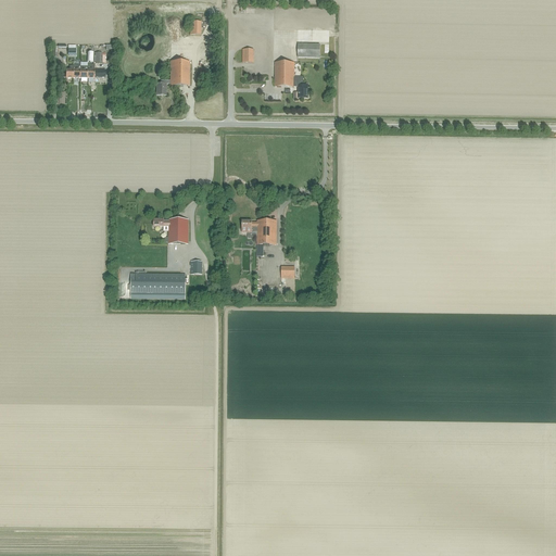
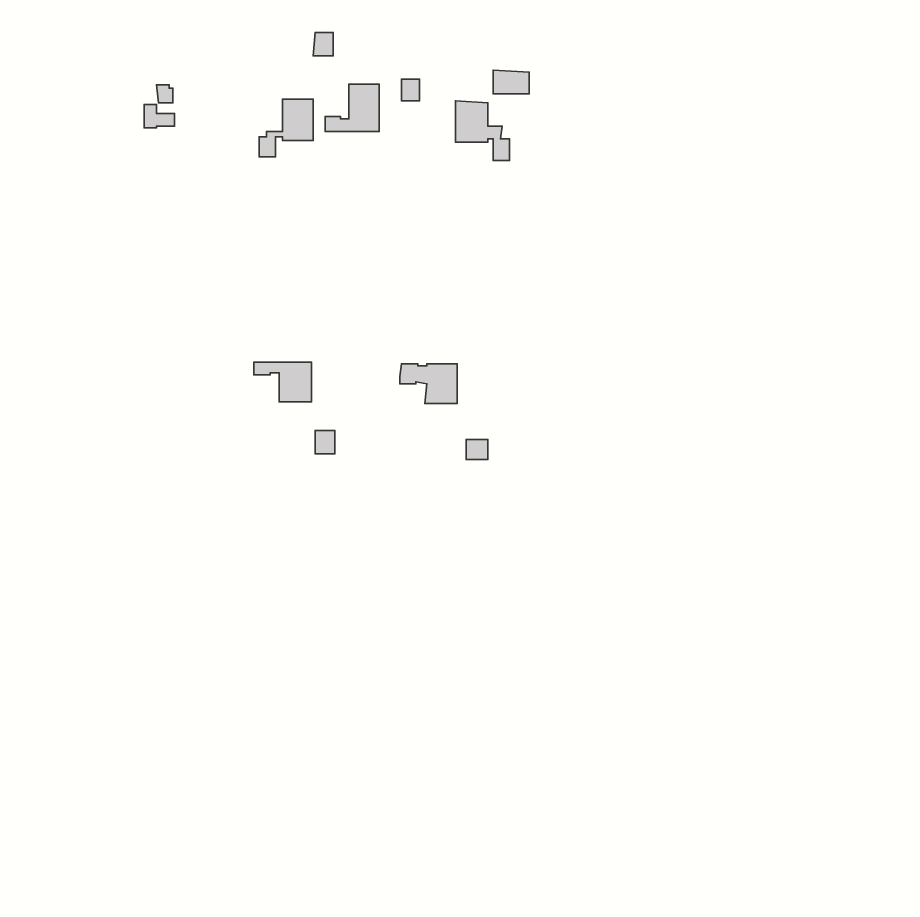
building: none -> [325,84,379,132]
building: [130,273,185,292] -> none

